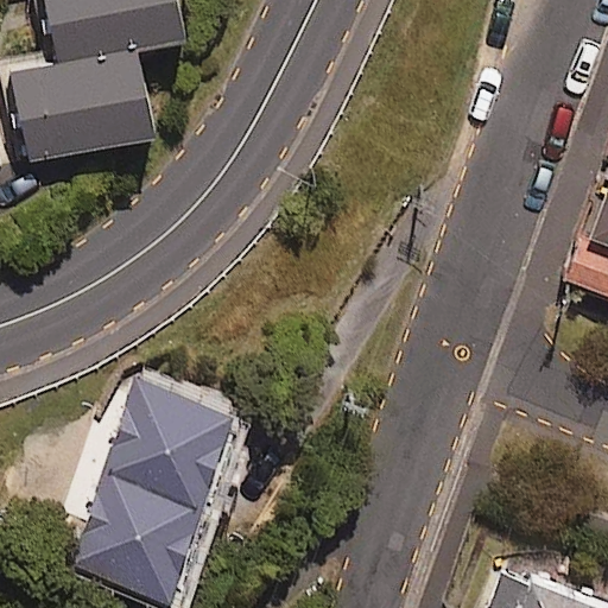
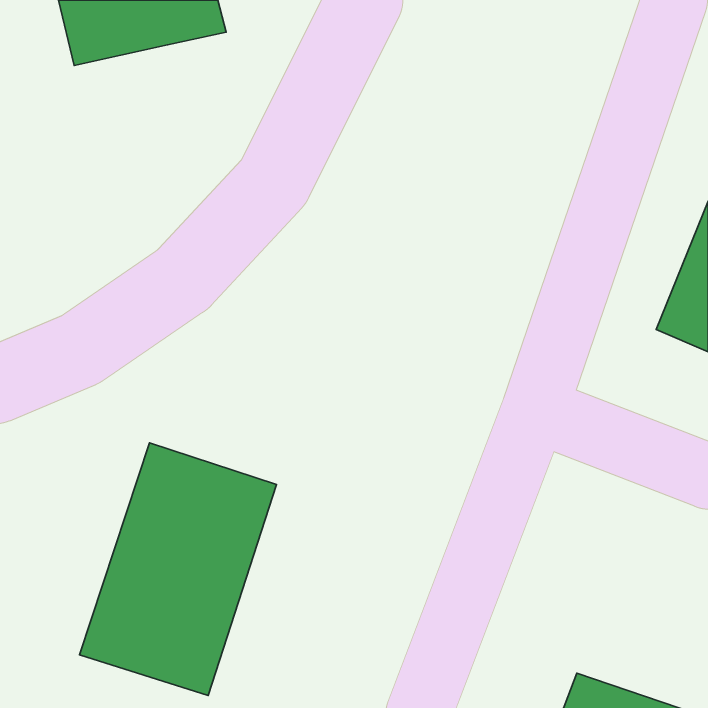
building: [13,43,163,162] -> none

